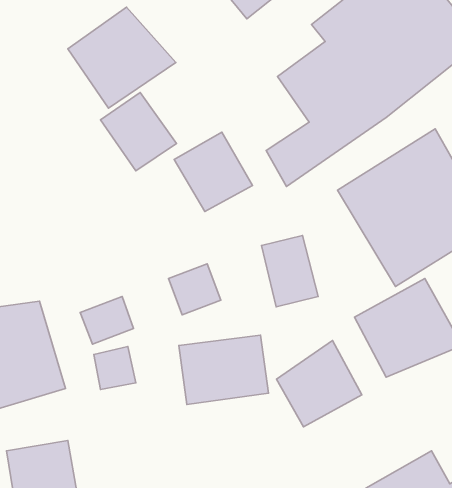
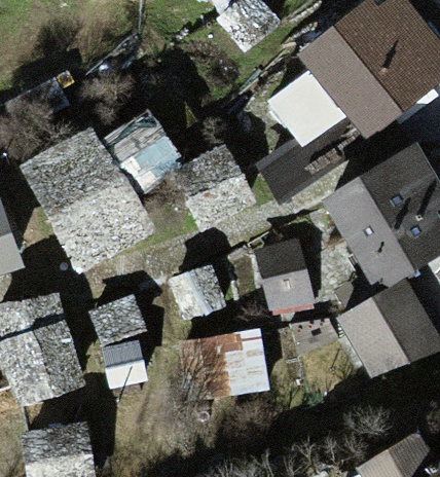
building: [68,7,176,108] -> none
building: none -> [27,130,147,262]
building: [276,340,362,427] -> none

